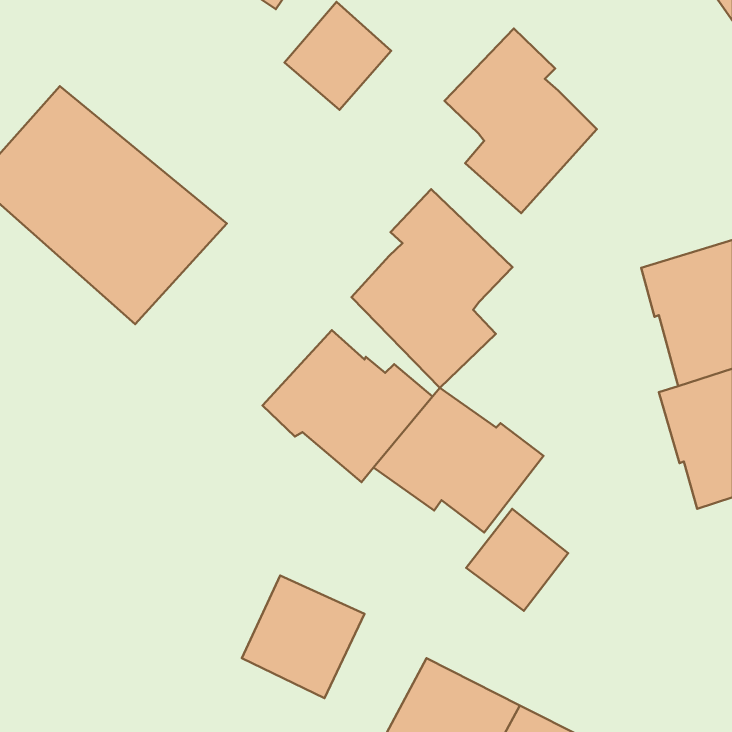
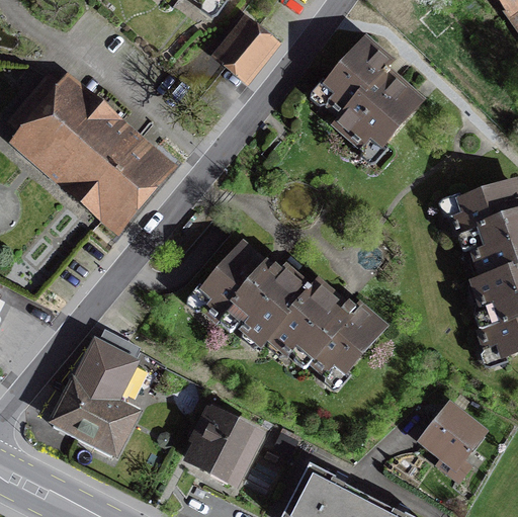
building: [351,189,512,388] -> none
building: none -> [48,336,140,457]
building: [466,509,568,611] -> [419,399,489,468]

